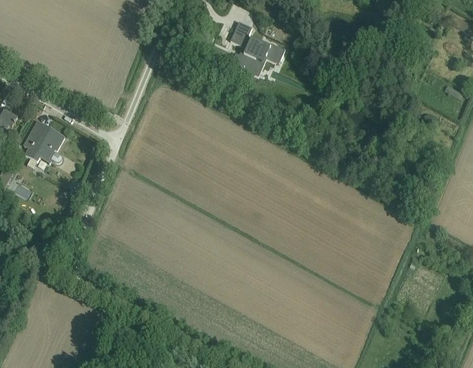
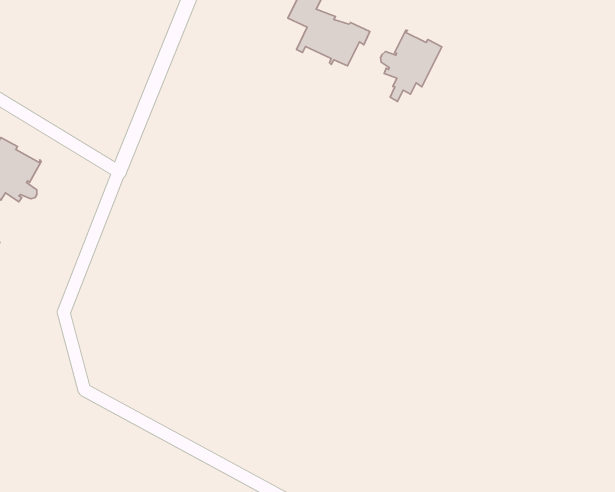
building: none -> [380,30,442,101]

